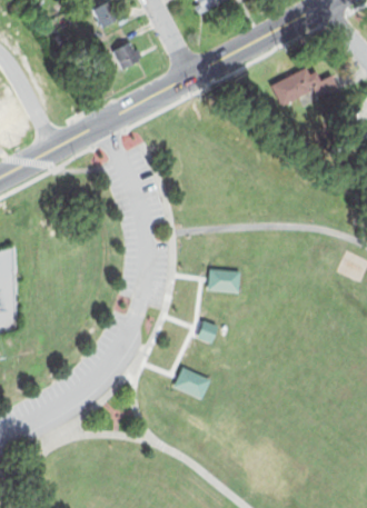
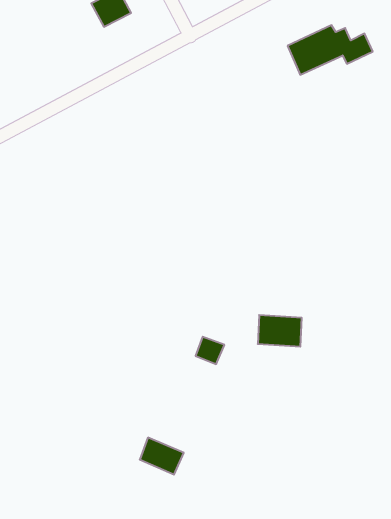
building: [206,268,241,293] -> [258,315,302,347]
building: [175,368,210,398] -> [140,438,184,475]

